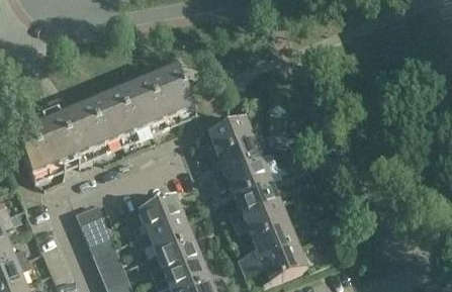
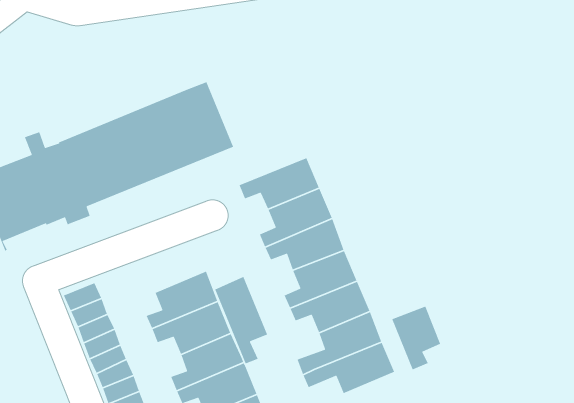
building: none -> [214,276,268,364]
building: none -> [391,305,441,371]

